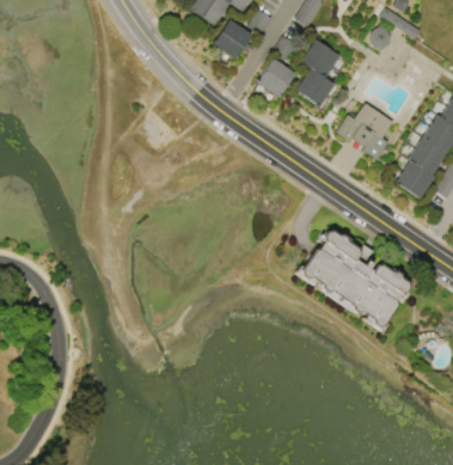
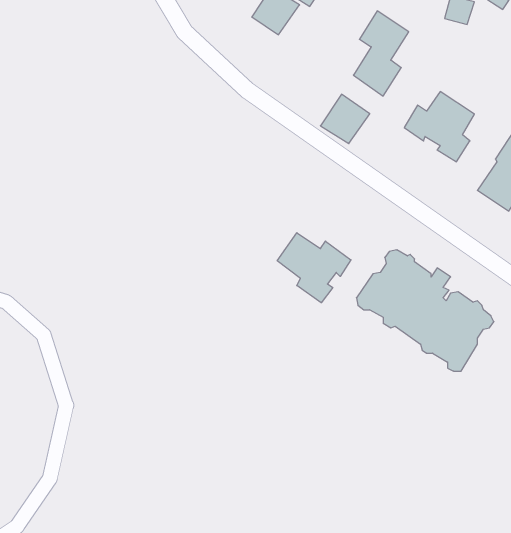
building: [257,57,296,97] -> [320,94,370,144]
building: none -> [277,233,351,303]

